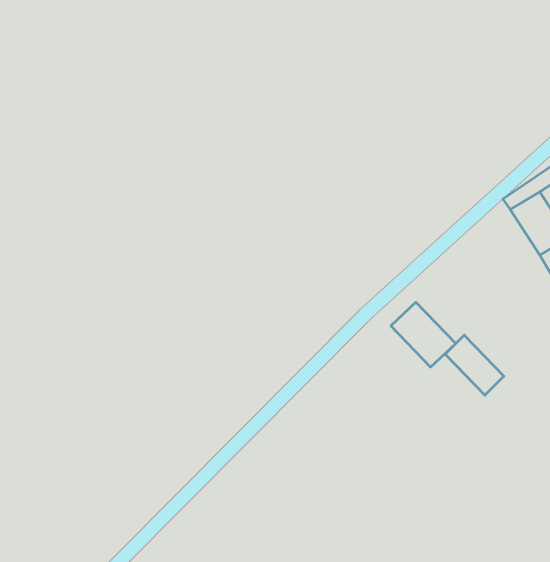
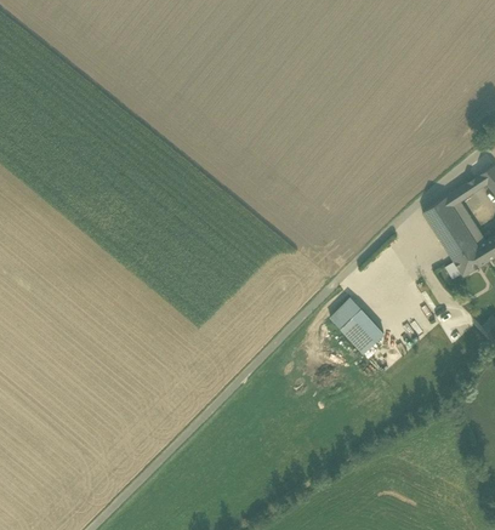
building: [445,335,504,395] -> none

